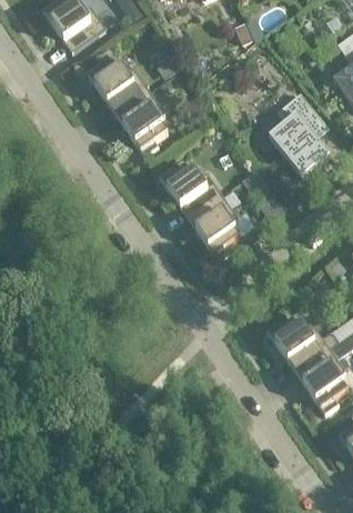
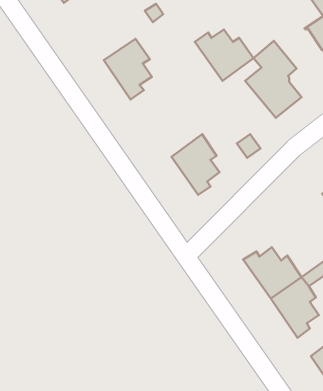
building: [85,58,149,113] -> none
building: [158,162,221,218] -> [195,29,253,81]

